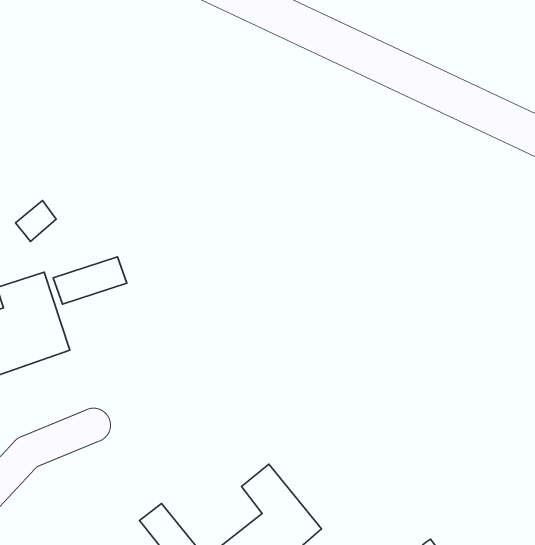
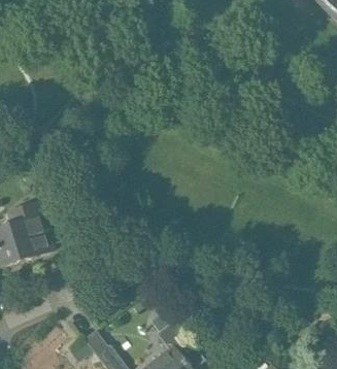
building: [53,257,127,304] -> none

